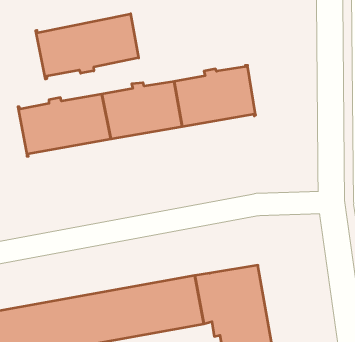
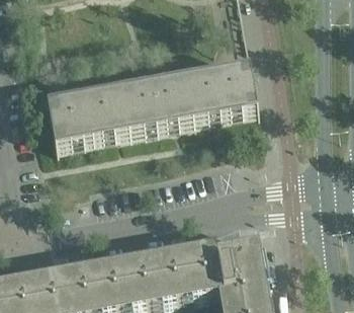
building: [36,14,139,79] -> none

